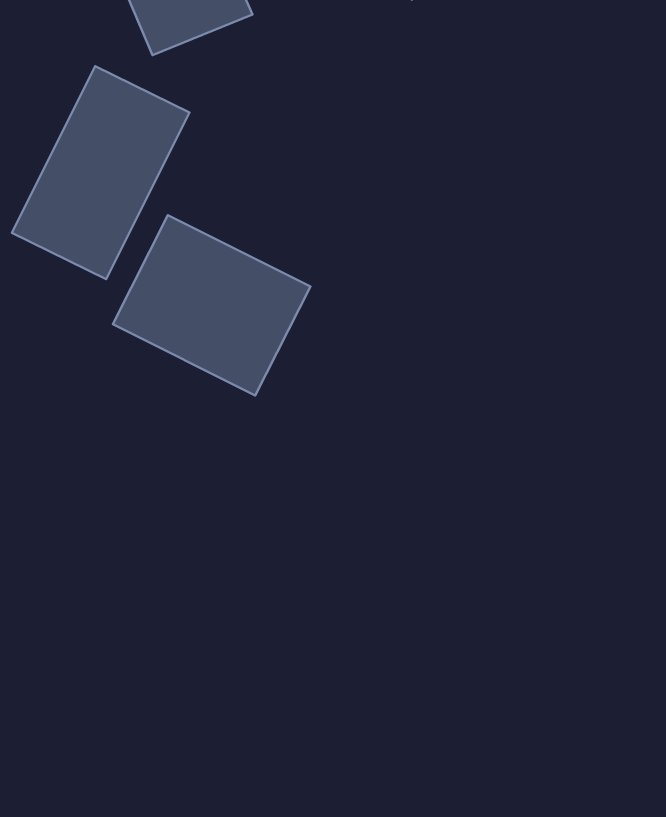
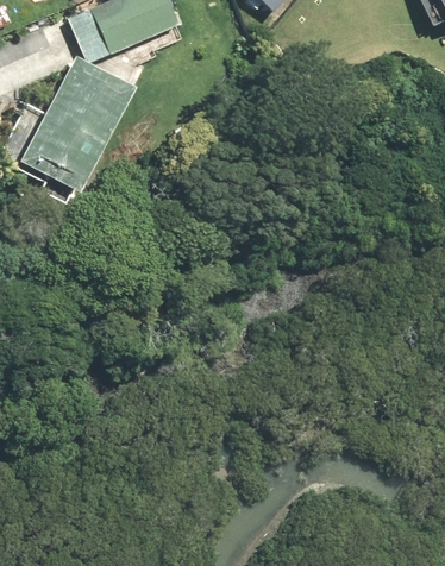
building: [113,215,310,395] -> none

